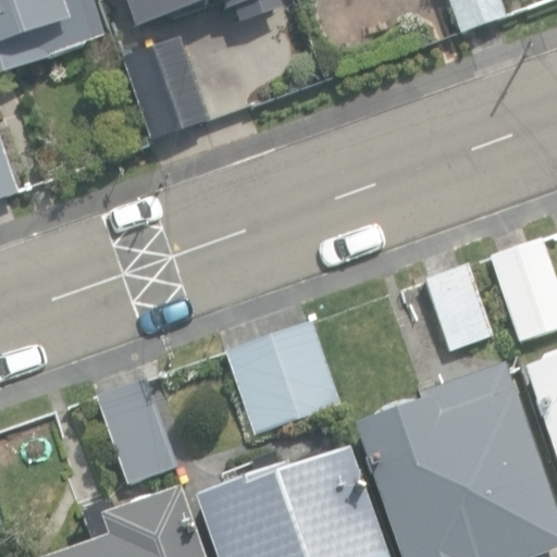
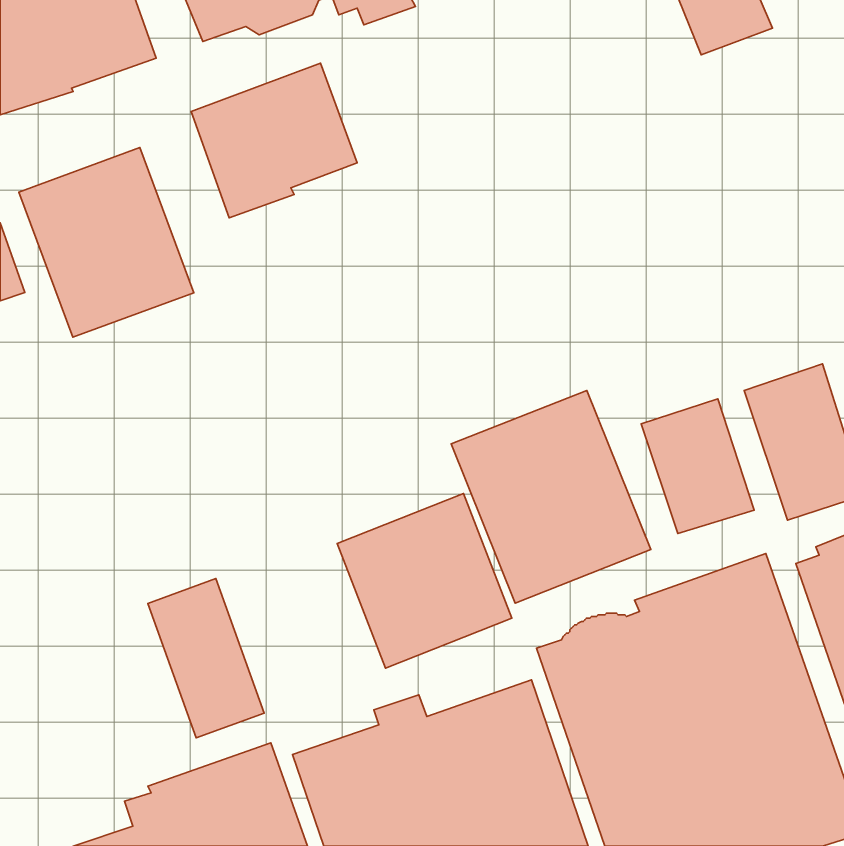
building: none -> [19,148,194,337]
building: none -> [451,390,651,603]

